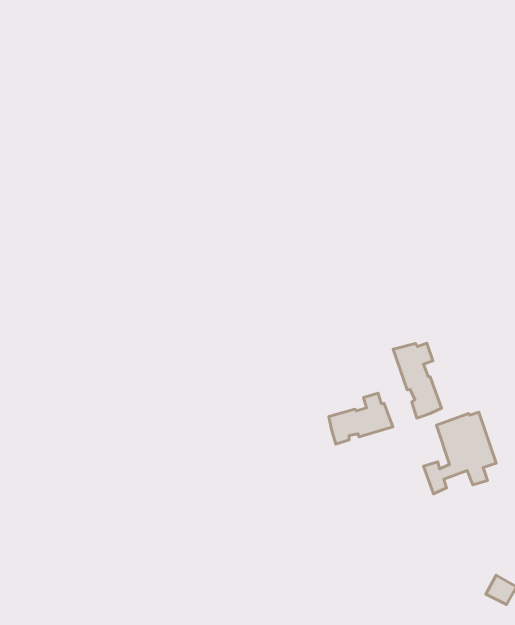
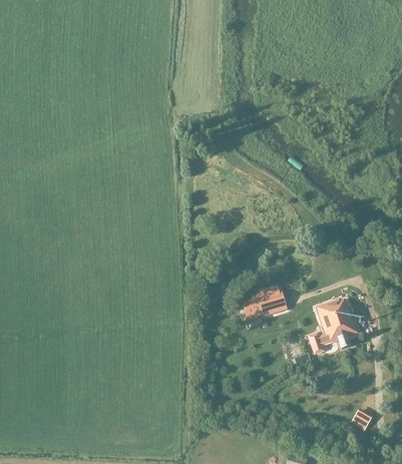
building: [393,343,441,418] -> none

